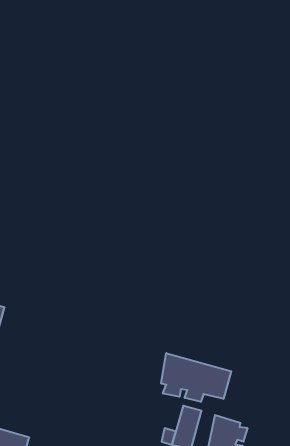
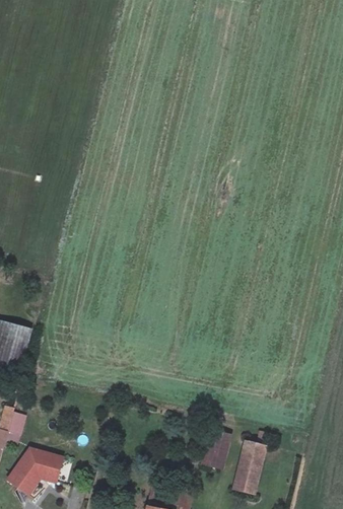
building: [161,353,231,402] -> none

